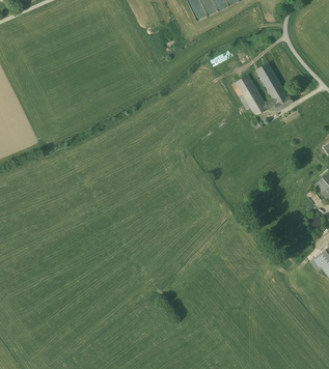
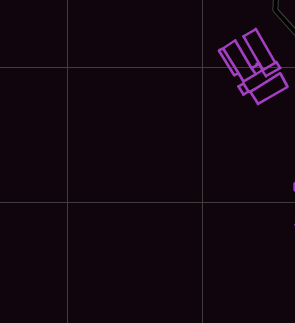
building: none -> [250,73,287,104]

